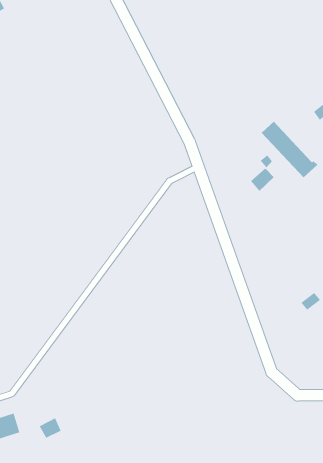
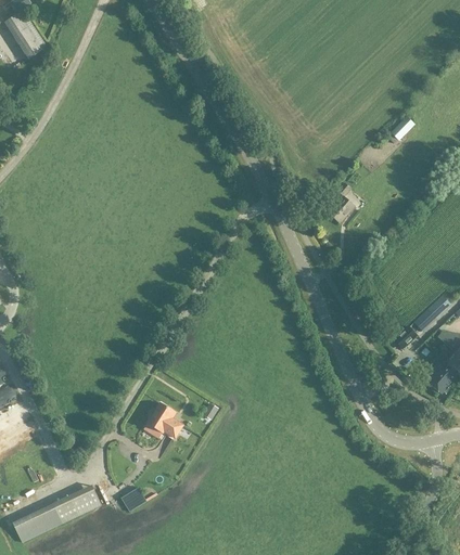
building: [261,121,318,178] -> none
building: none -> [146,402,182,437]

